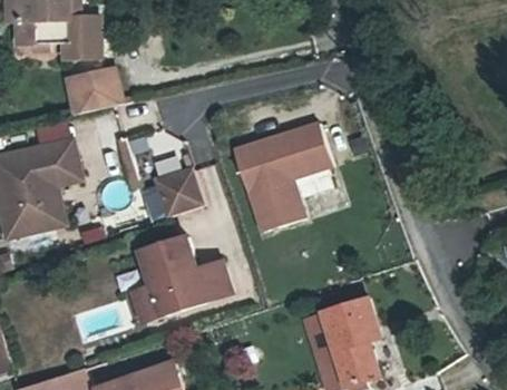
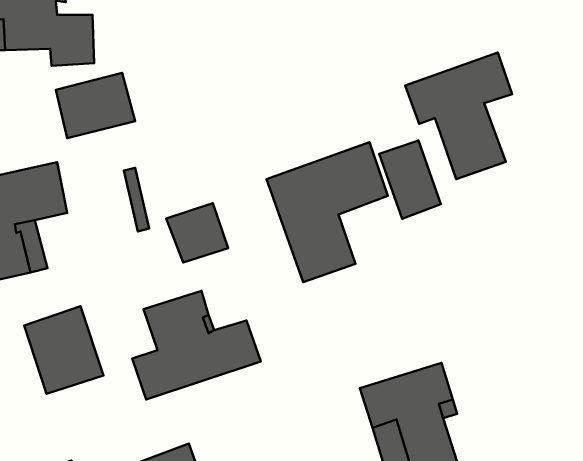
building: none -> [405,53,512,179]
building: none -> [379,141,441,219]
building: none -> [24,306,103,394]

